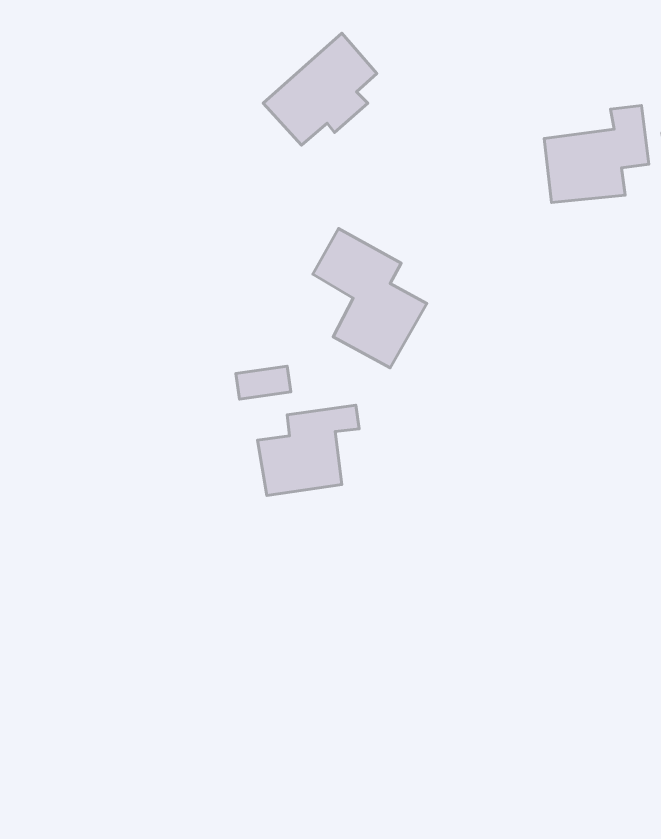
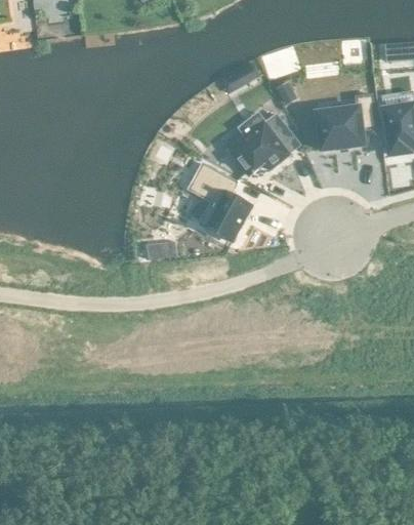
building: [263,33,377,145] -> [230,113,293,175]
building: [257,405,359,495] -> none

